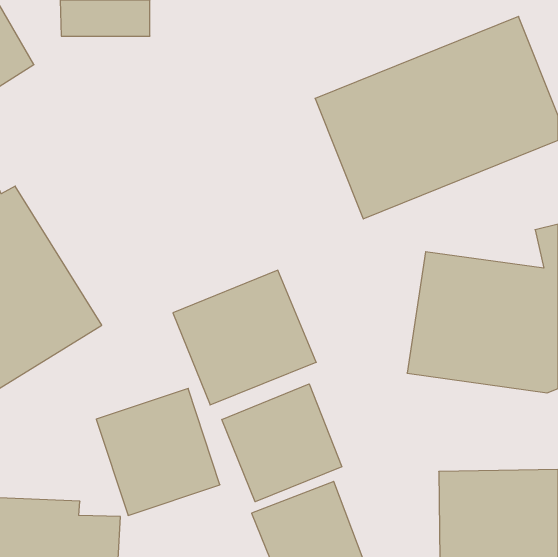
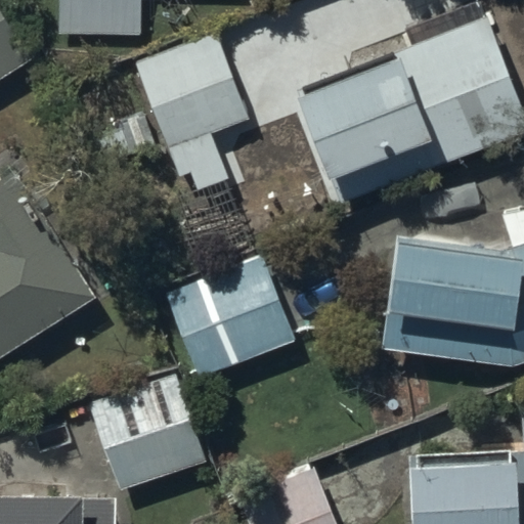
building: none -> [134,32,249,194]
building: [222,384,342,502] -> none

